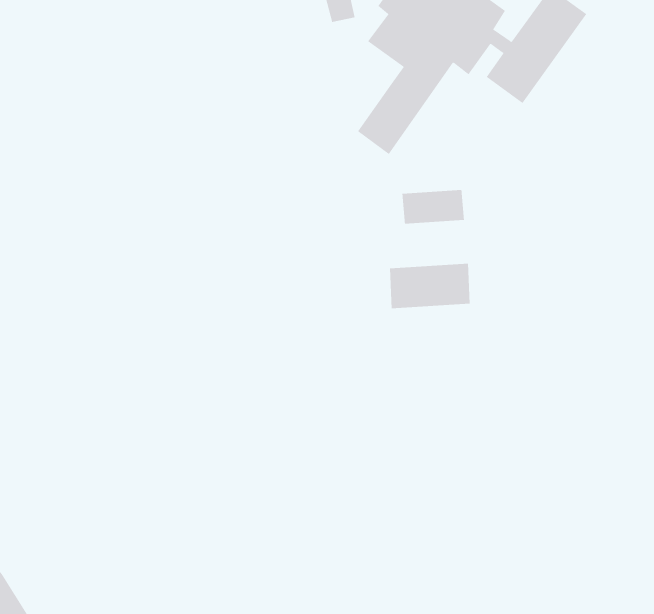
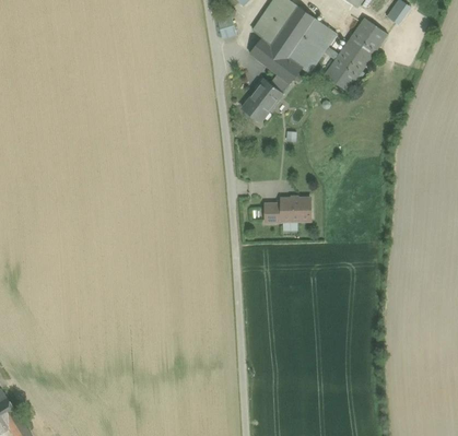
building: [402,189,465,224] -> none

